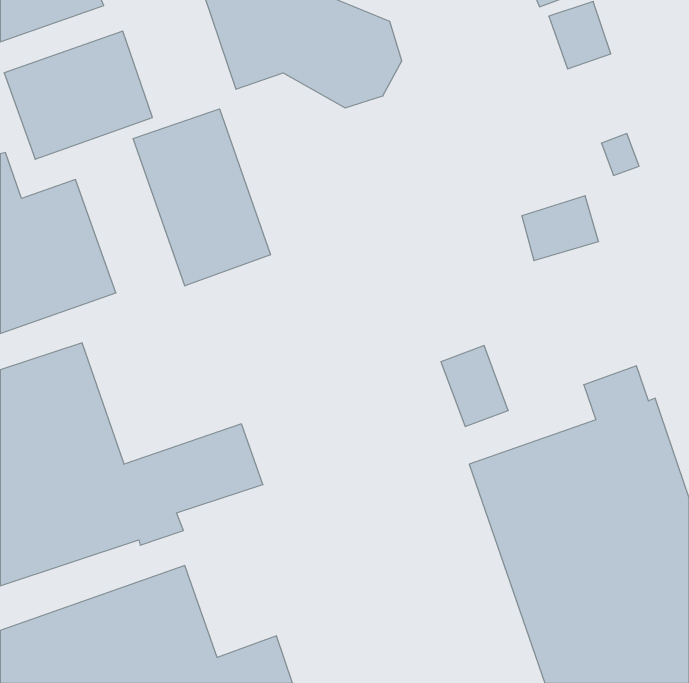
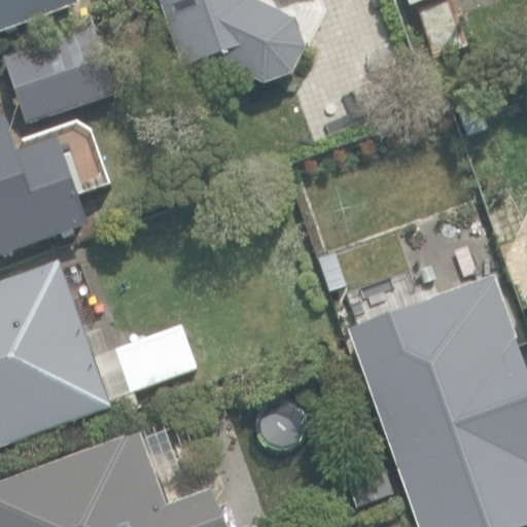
building: [133,109,270,286] -> none

